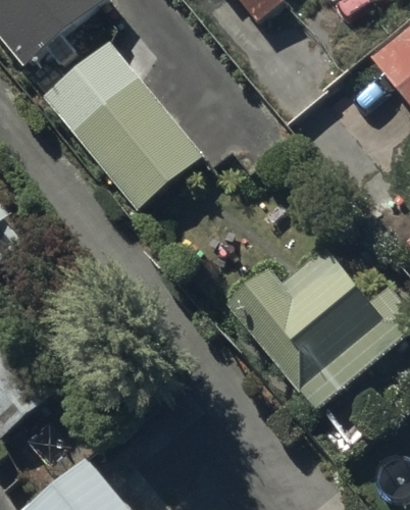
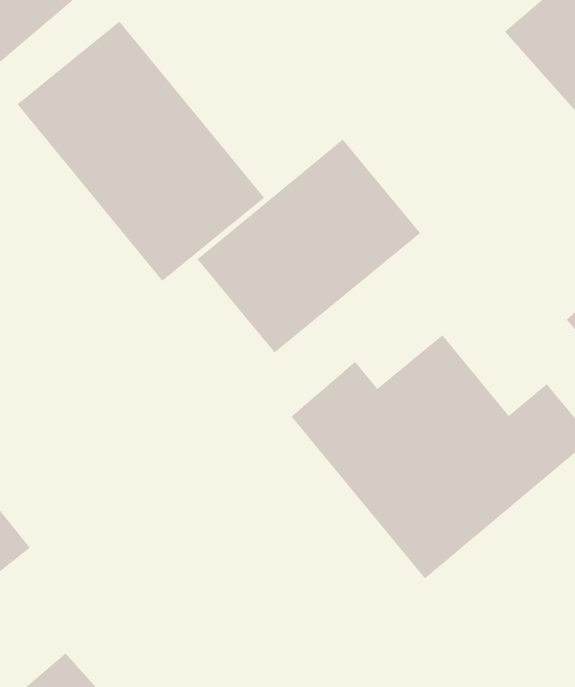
building: none -> [196,139,421,354]

